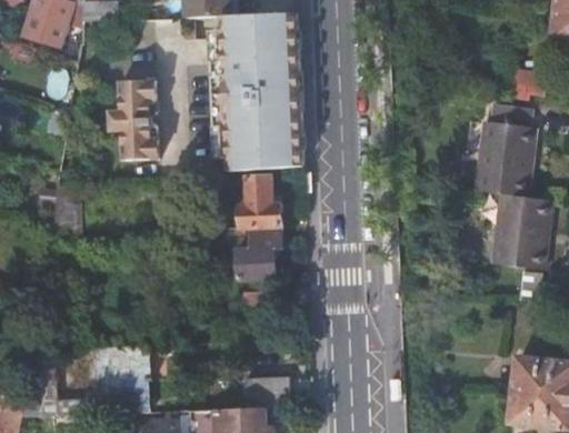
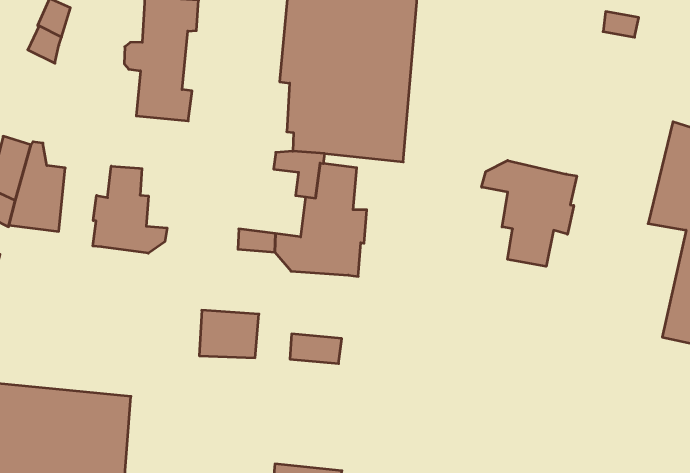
building: none -> [482,160,577,266]
building: none -> [93,166,167,253]
building: [239,249,278,281] -> [199,310,259,358]

